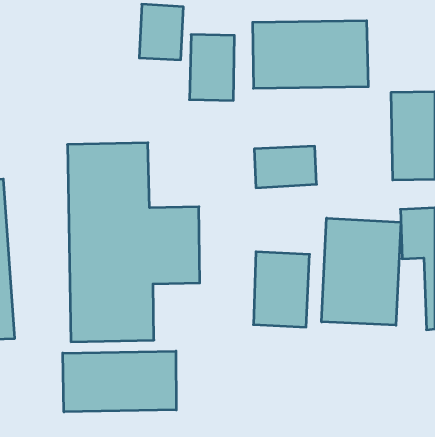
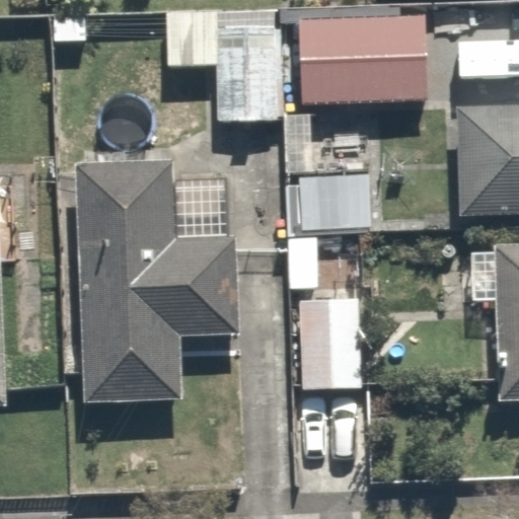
building: [322,218,401,325] -> none
building: [63,351,176,412] -> none

